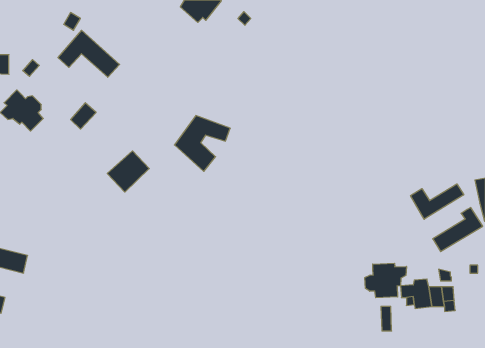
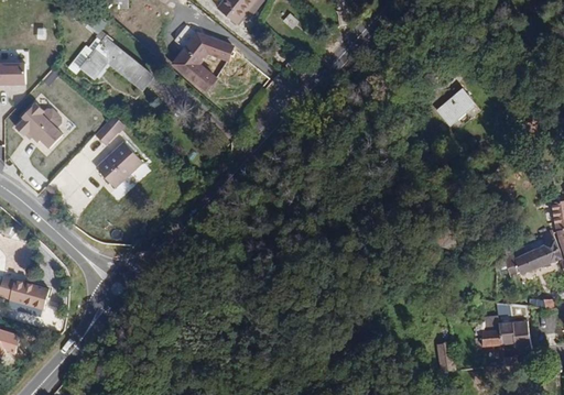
building: none -> [437,89,476,125]
building: [174,116,230,171] -> [171,33,234,96]
building: [107,151,149,192] -> [95,143,142,189]
building: [411,184,464,219] -> none
building: [365,263,406,298] -> none

